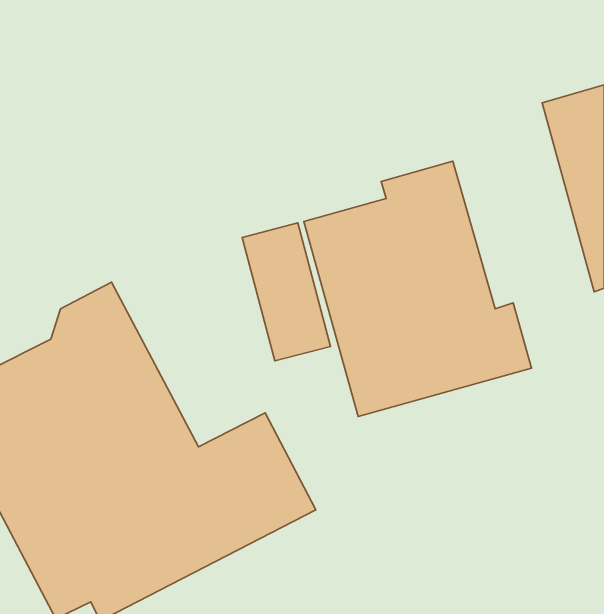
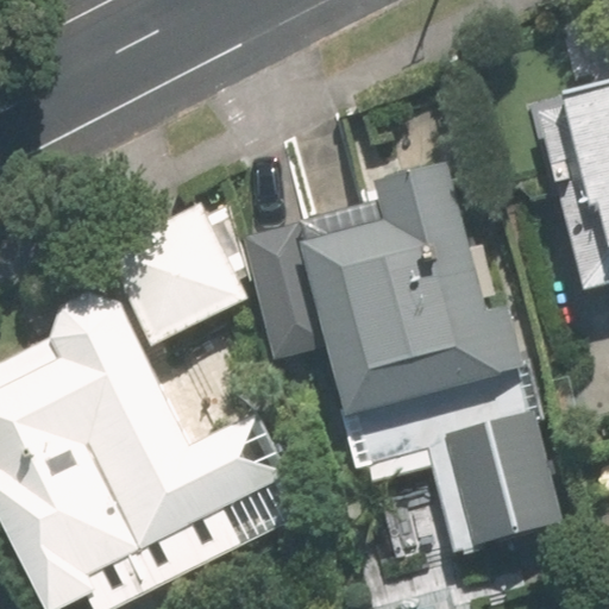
building: none -> [103,207,244,349]
building: none -> [440,412,560,547]

